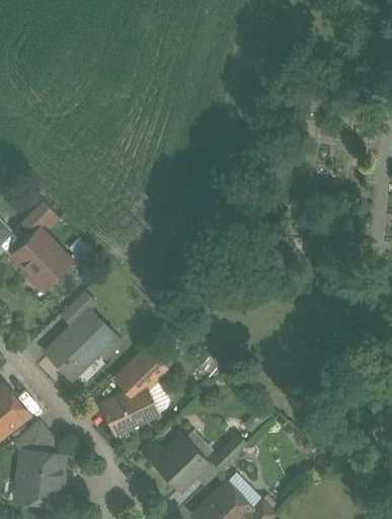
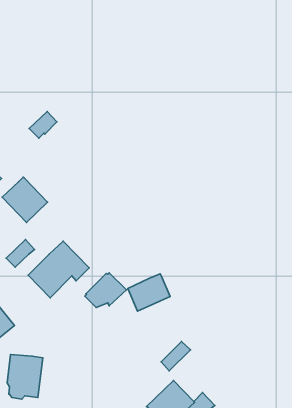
building: [20,202,55,235] -> [29,111,57,138]
building: [60,291,95,325] -> [6,240,35,267]
building: [103,386,156,433] -> [128,274,170,311]
building: [14,422,52,453] -> none
building: [155,438,208,491] -> none

